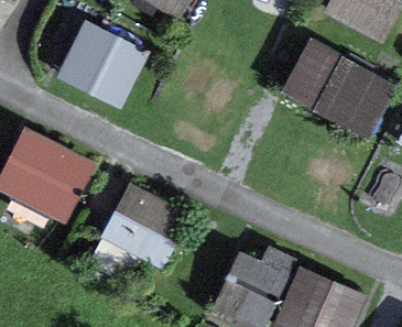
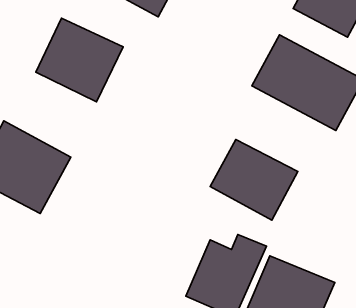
building: none -> [210,139,298,220]
building: [100,183,187,266] -> none

